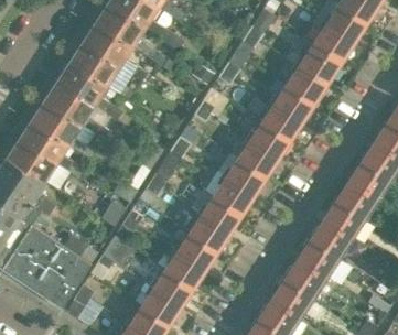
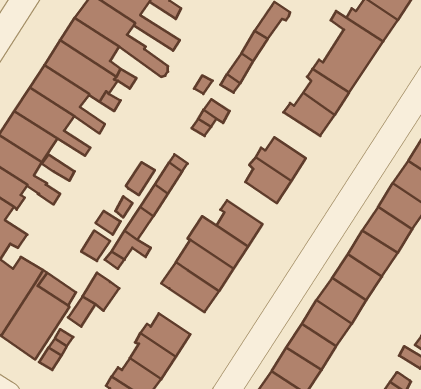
building: [263,99,302,138] -> none
building: [224,158,266,193] -> none
building: [157,242,205,285] -> none

